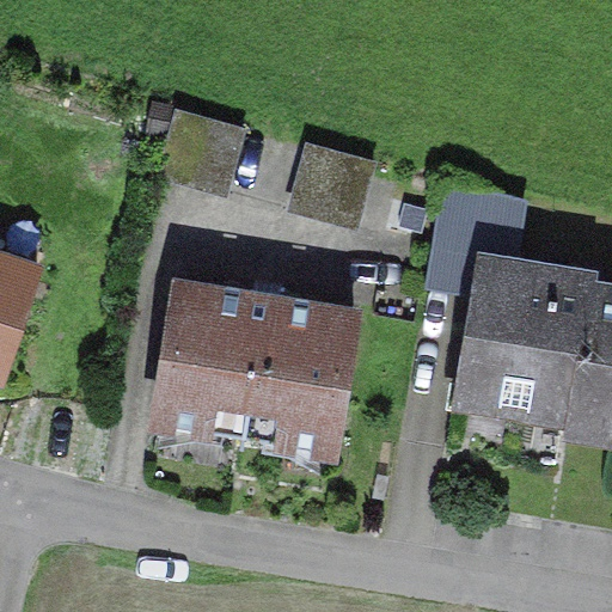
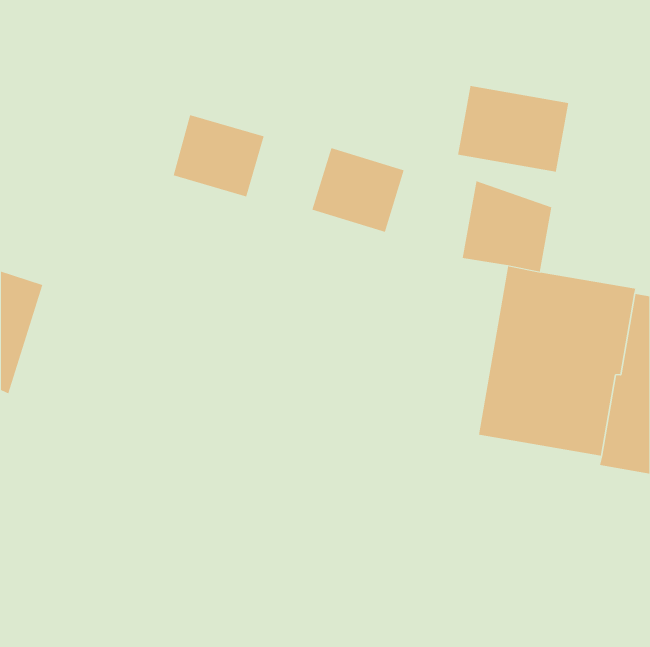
building: none -> [457,85,569,173]
building: [148,287,351,454] -> none

